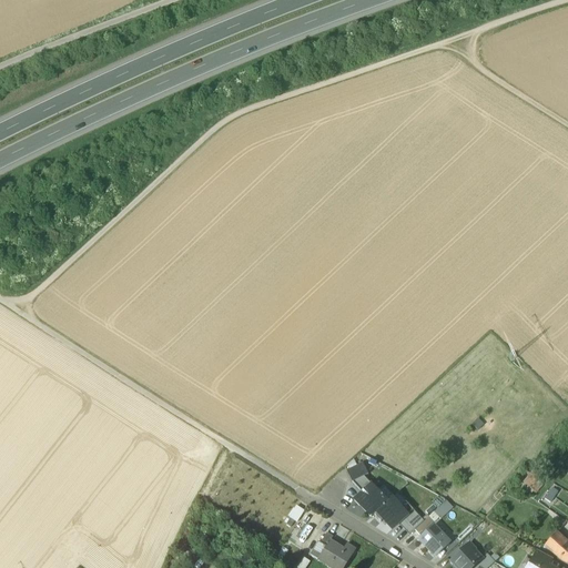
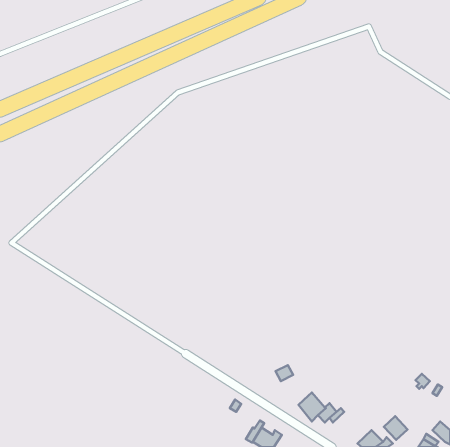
building: [354,483,388,516] -> none
building: [419,524,449,554] -> [384,416,408,440]

